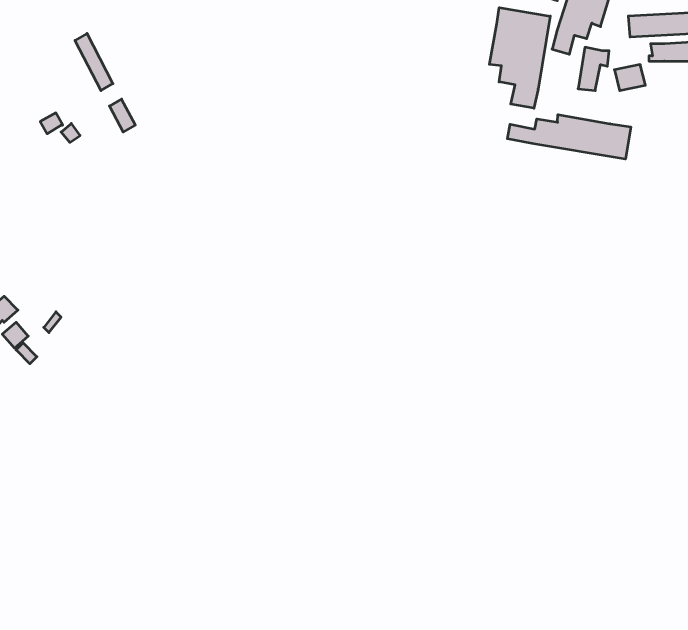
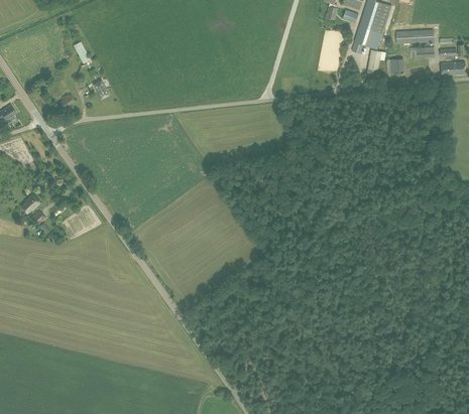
building: [489,8,550,108] -> none
building: [507,115,631,159] -> none

